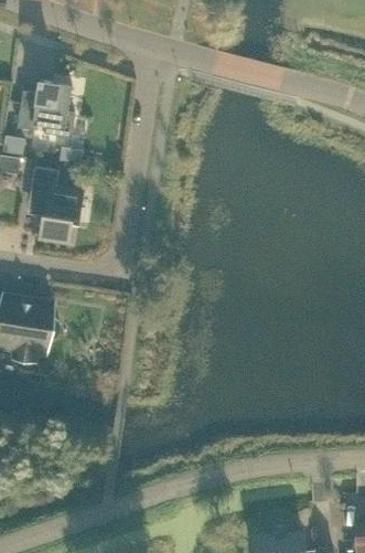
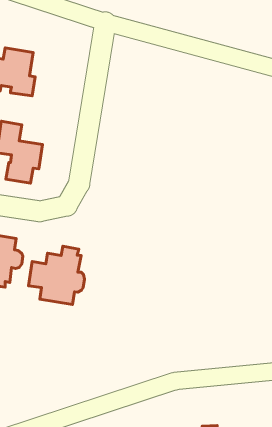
building: none -> [28,246,85,304]

